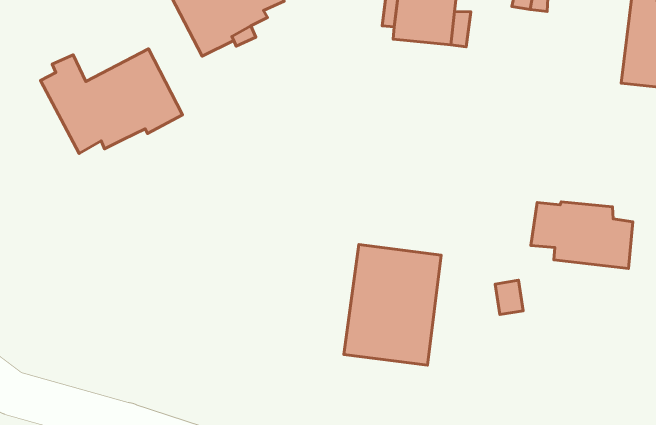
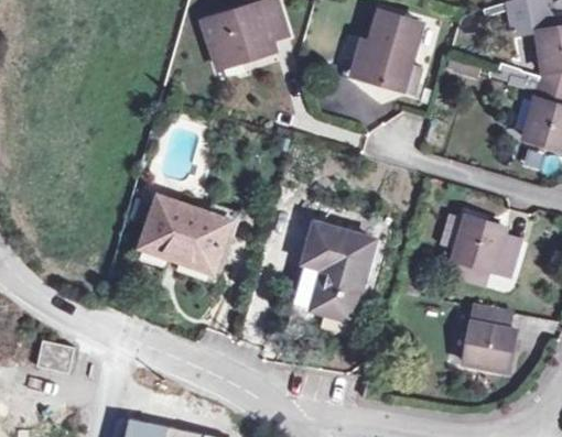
building: [41,49,182,154] -> none
building: none -> [136,193,224,273]
building: none -> [464,306,514,370]

